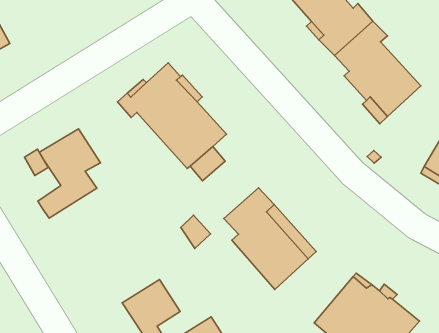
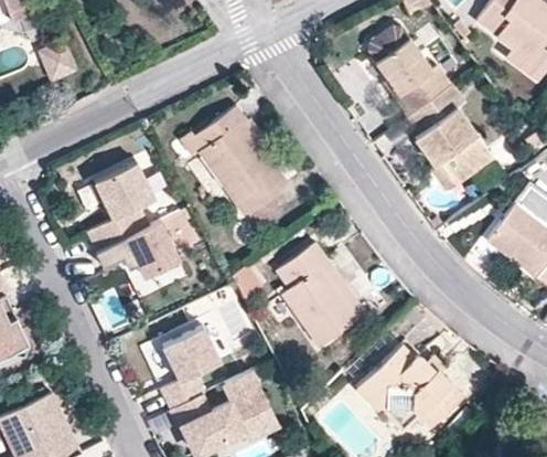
building: none -> [95,221,180,278]

